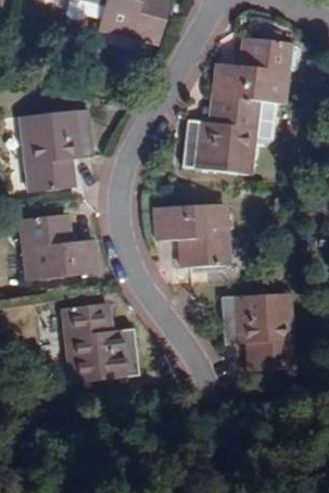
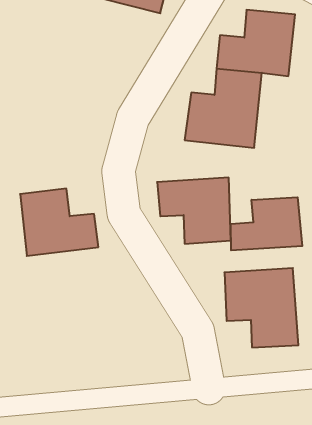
building: [22,109,94,192] -> none
building: none -> [231,197,302,250]
building: [62,302,140,383] -> none

